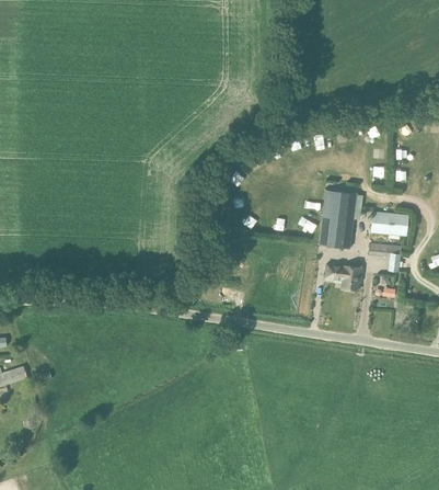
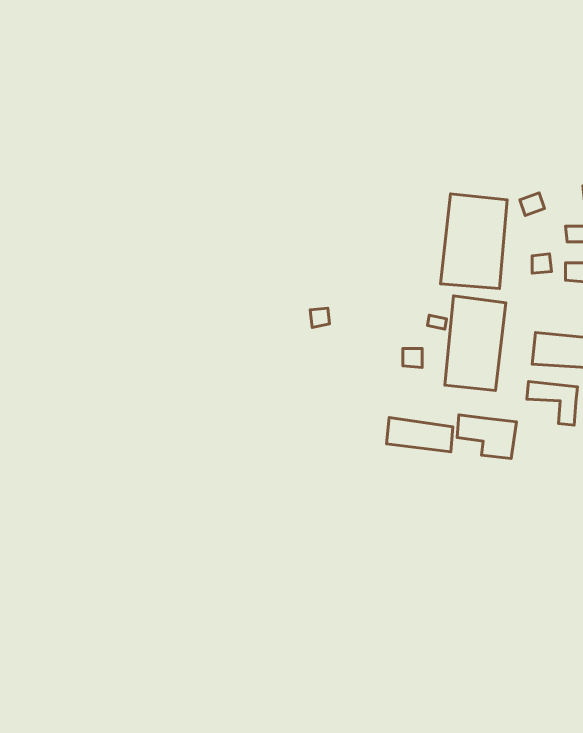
building: none -> [441,194,507,288]
building: none -> [386,418,453,452]

